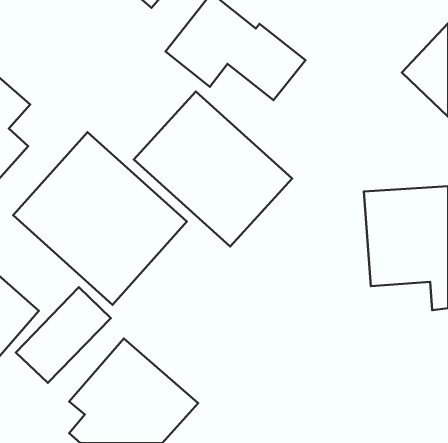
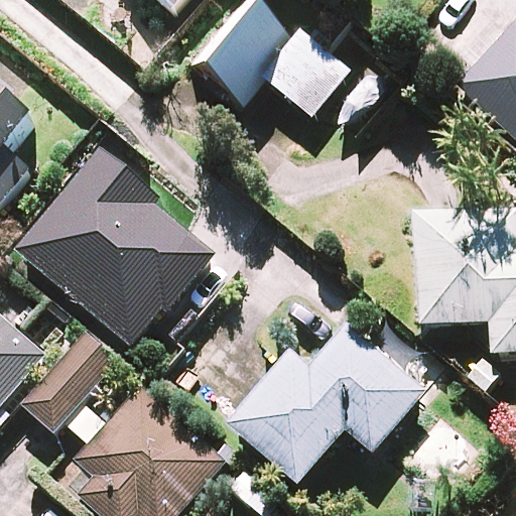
building: [134,92,292,246] -> none
building: none -> [231,326,424,485]

